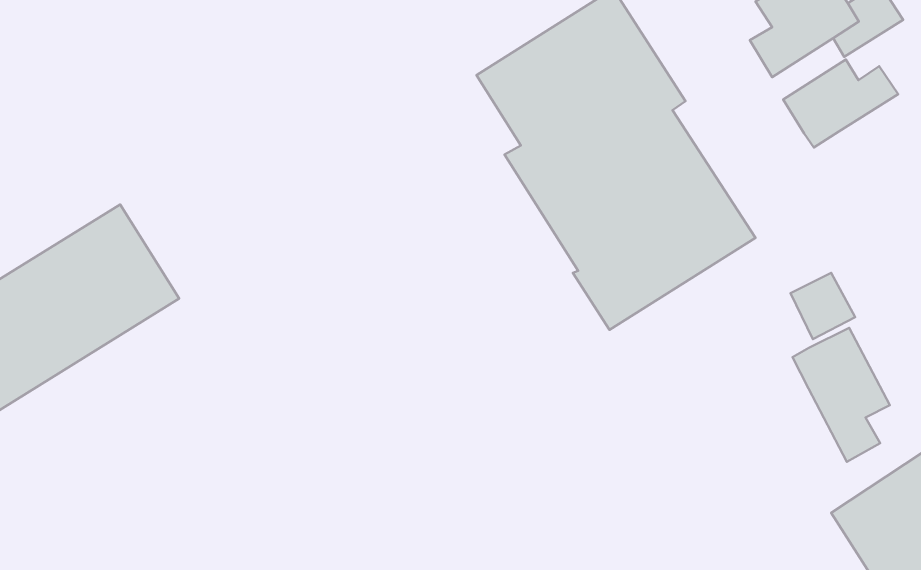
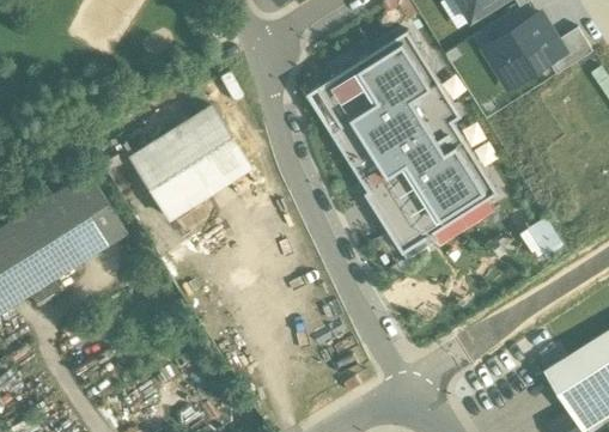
building: [783,59,898,148] -> none
building: none -> [127,107,246,218]
building: [792,328,890,462] -> none

